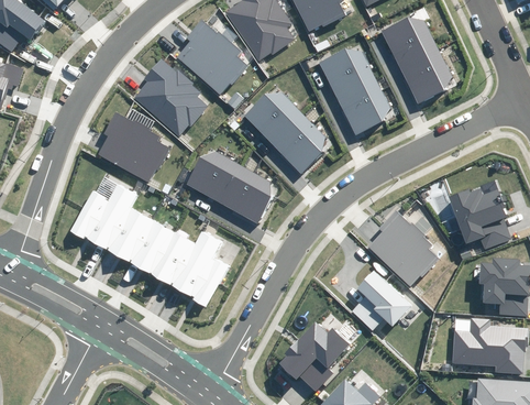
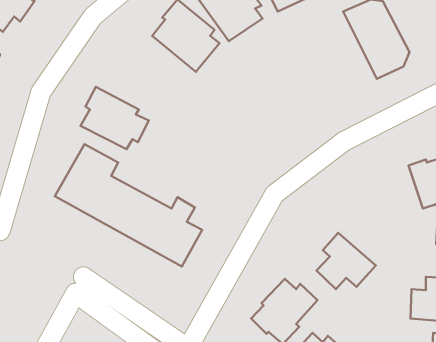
building: [318,48,390,136] -> none
building: [132,57,207,138] -> none
building: [243,91,324,175] -> none
building: [186,151,273,223] -> none
building: [367,208,440,285] -> none

